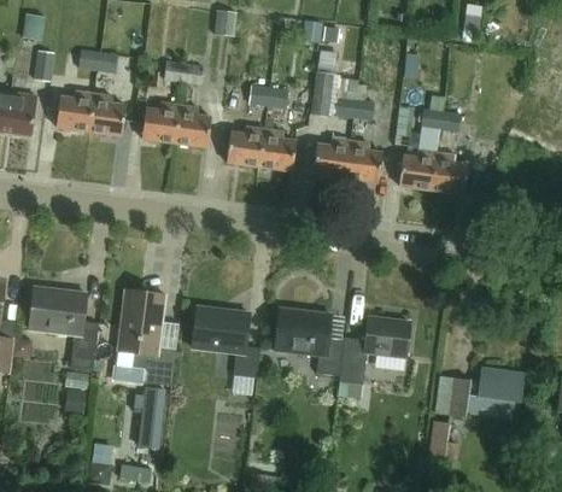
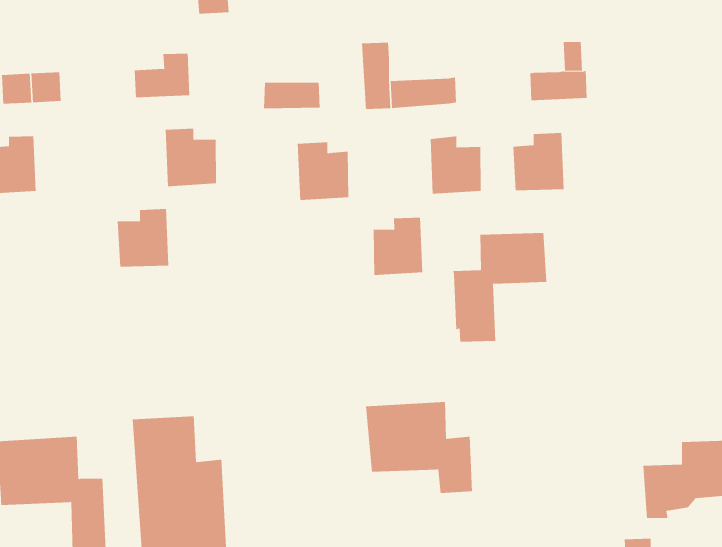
building: [88,94,124,135] -> none
building: [141,102,178,142] -> [117,209,169,267]
building: [226,125,263,166] -> none
building: [312,139,350,177] -> [373,217,423,276]
building: [432,152,468,193] -> none
building: [192,303,259,376] -> none
building: [338,316,406,387] -> [452,233,547,342]

